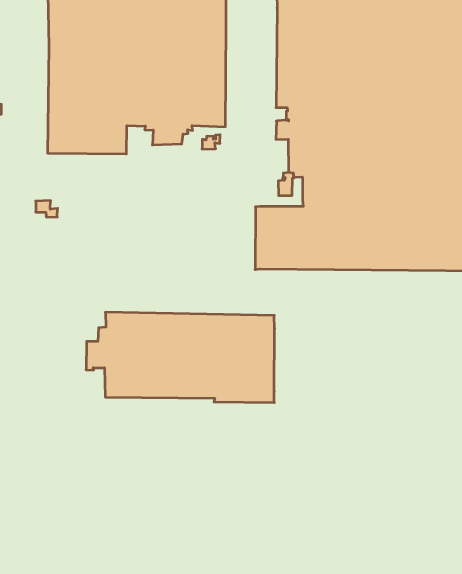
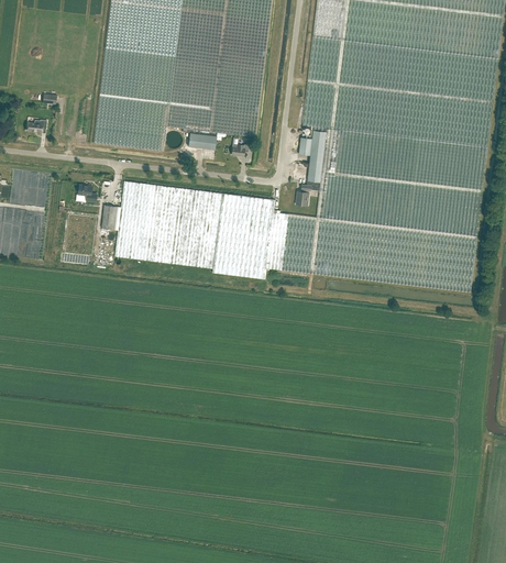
building: [86,312,275,403] -> [100,179,274,277]

